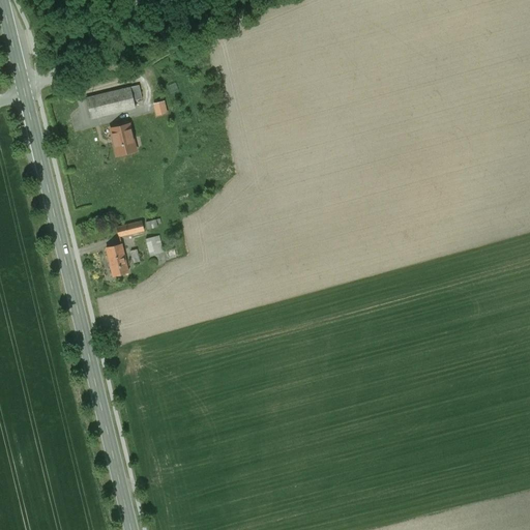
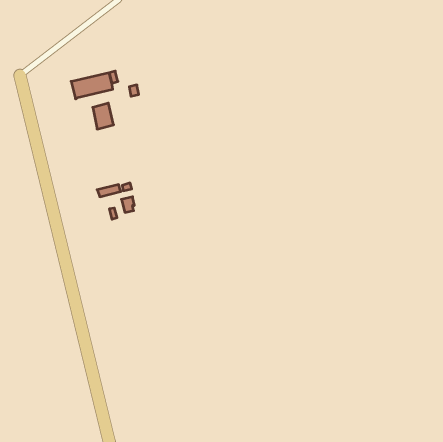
building: [106,242,128,275] -> none

